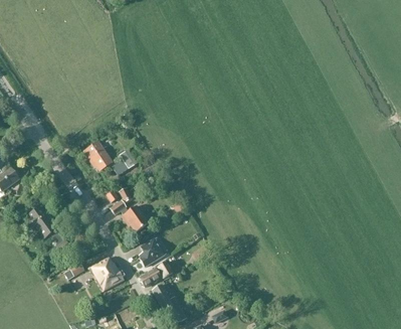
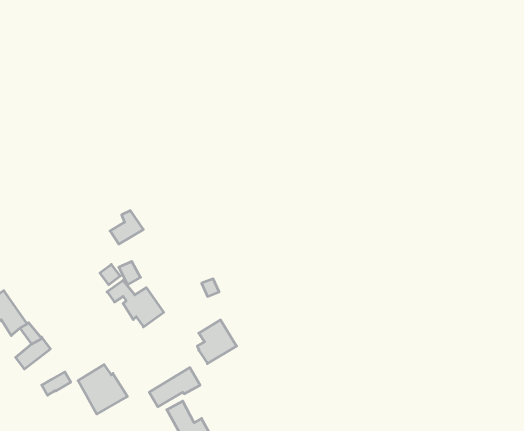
building: [82,142,112,171] -> none
building: [138,236,165,267] -> [197,320,237,364]

